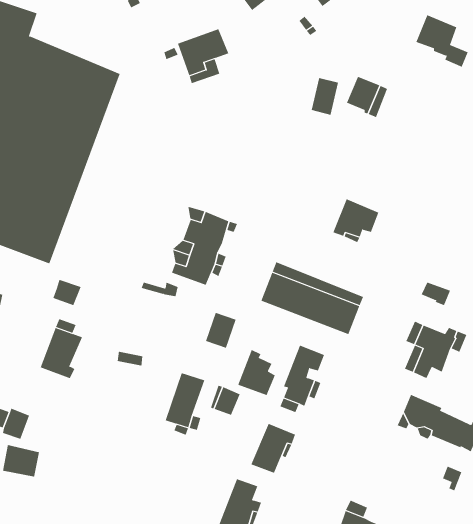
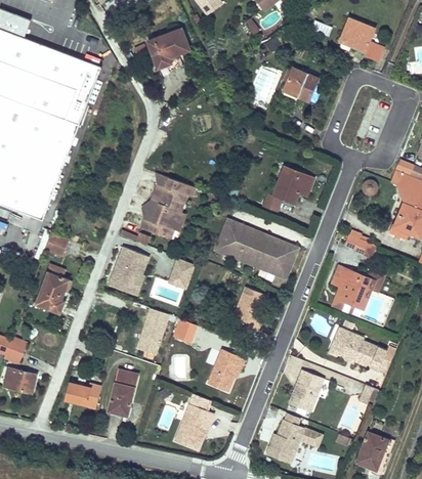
building: none -> [110,247,149,295]
building: [238,349,276,396] -> none
building: none -> [289,368,324,410]
building: none -> [108,369,138,415]
building: none -> [67,383,100,406]

